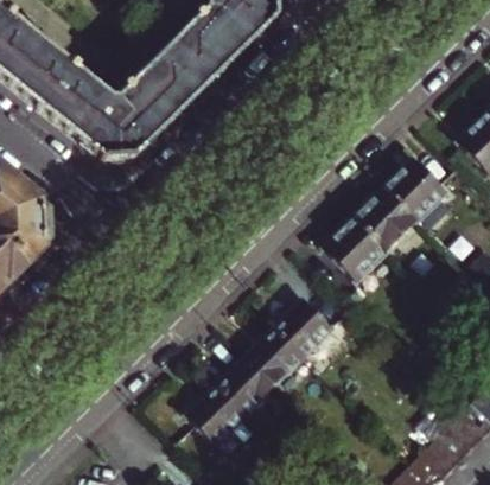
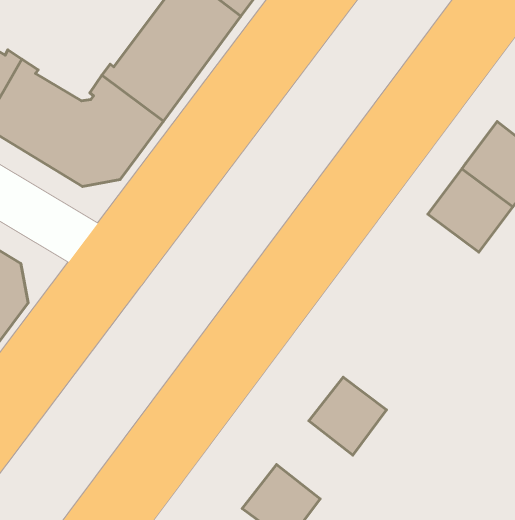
building: [326,216,390,279] -> none
building: [278,296,336,355] -> none
building: [219,355,276,413] -> none

